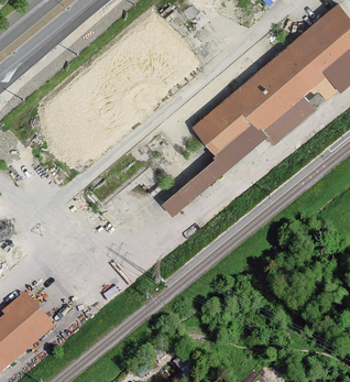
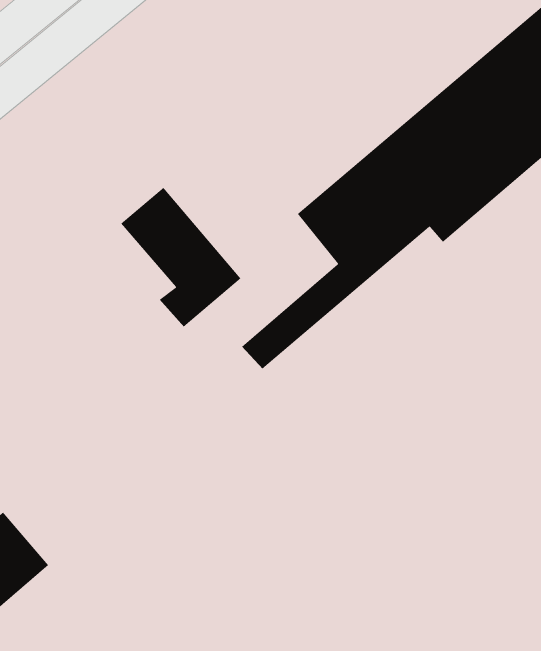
building: none -> [120,187,241,328]

